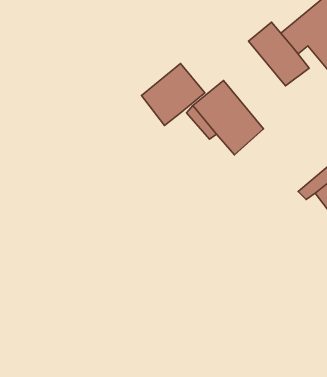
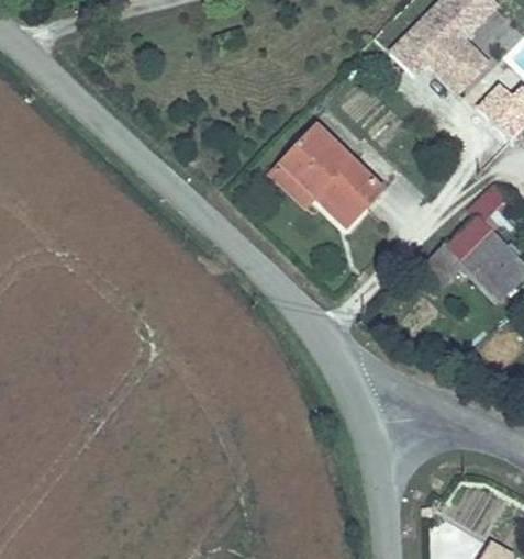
building: [249,22,309,86] -> none
building: [142,64,205,125] -> none

